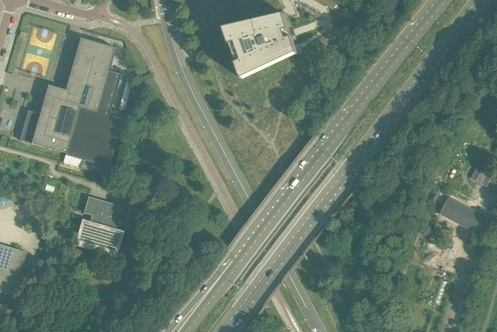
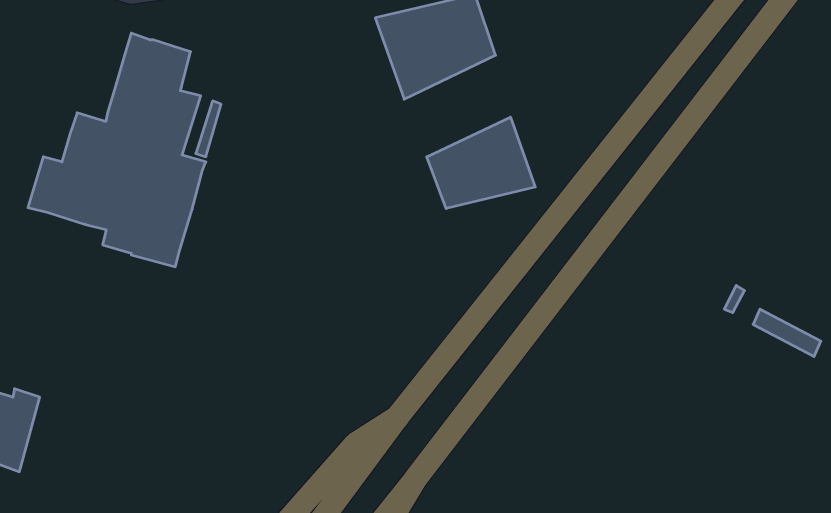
building: none -> [427,117,535,209]
building: [72,194,128,255] -> none

